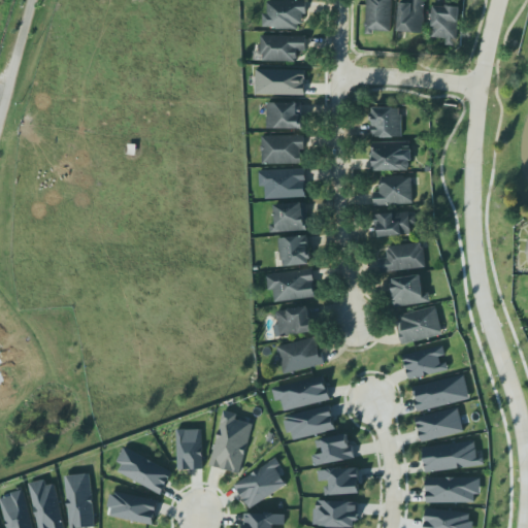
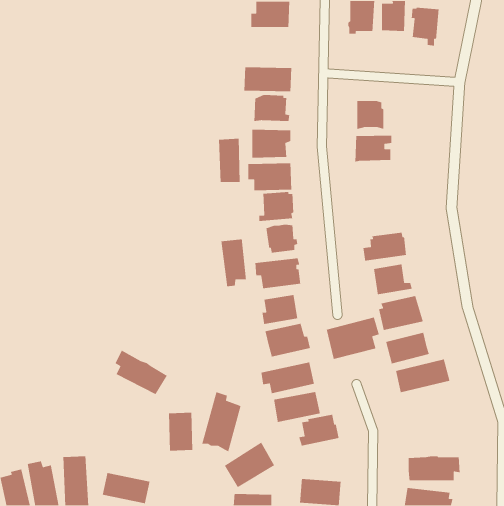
building: [258,36,306,64] -> none
building: none -> [218,138,241,183]
building: [372,176,410,206] -> none
building: [374,212,414,236] -> none
building: none -> [221,238,247,287]
building: none -> [326,316,380,360]
building: [415,406,462,441] -> none
building: [421,441,483,472] -> none
building: [117,444,172,492] -> [114,350,168,395]
building: [316,468,358,495] -> none

